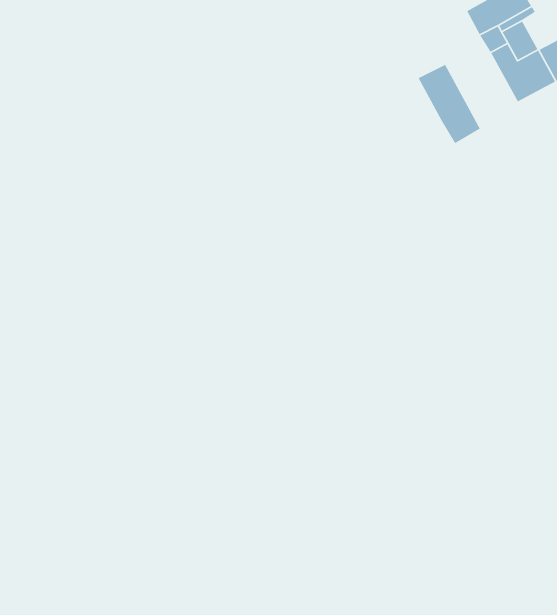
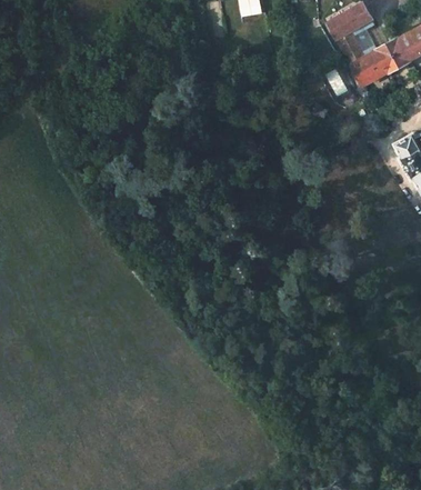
building: [418,64,481,144] -> none

